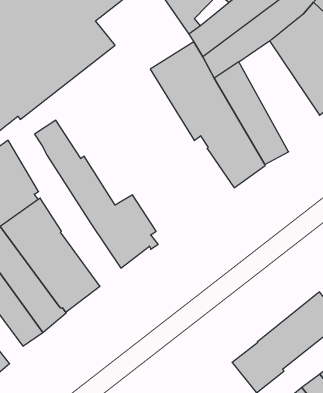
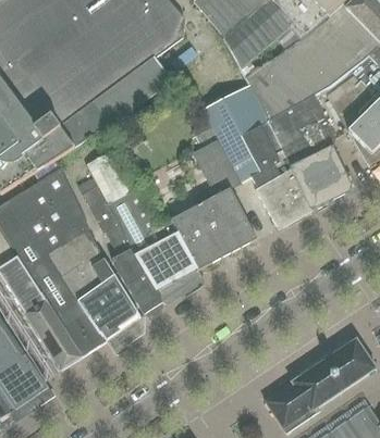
building: none -> [292,92,351,198]
building: none -> [173,151,258,268]
building: none -> [83,185,163,313]

